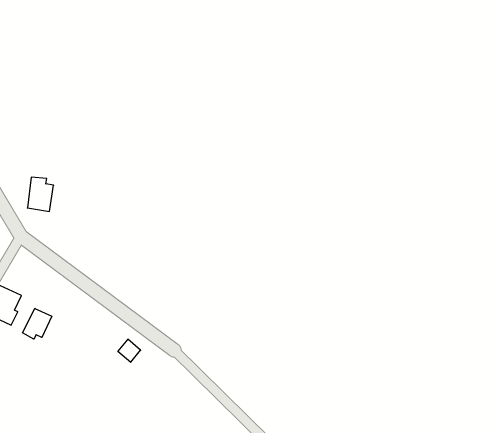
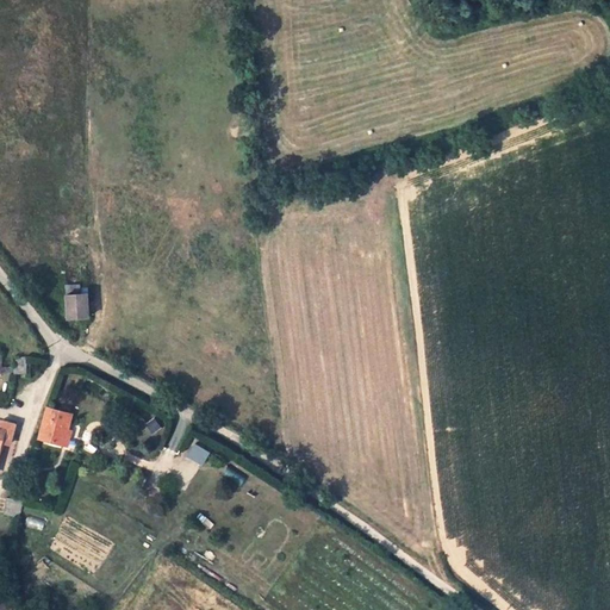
building: [23,308,52,339] -> none

